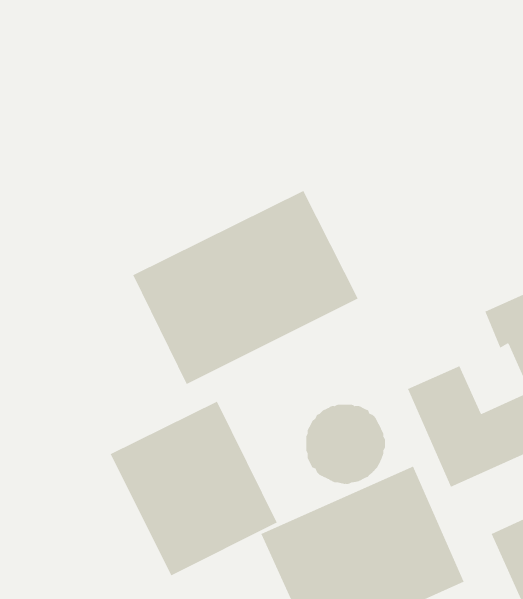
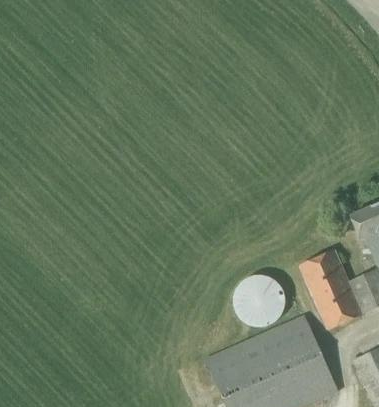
building: [133,190,358,385] -> none
building: [110,401,277,576] -> none

